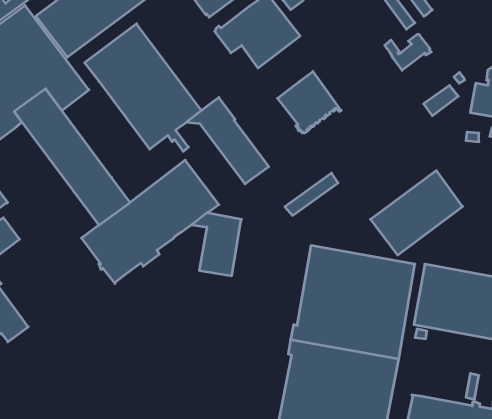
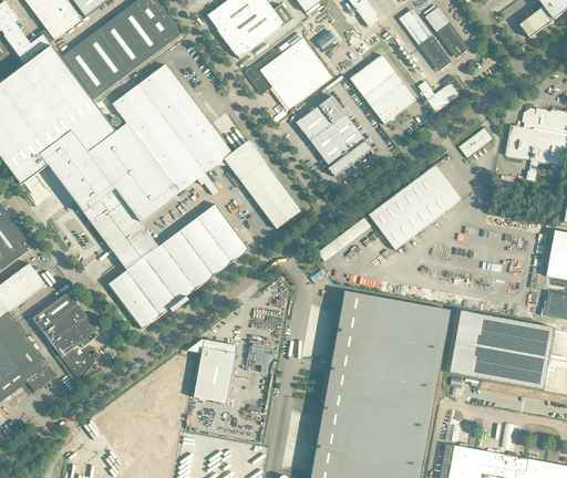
building: none -> [350,54,416,124]
building: none -> [296,95,346,141]
building: none -> [89,123,178,221]
building: [370,171,463,255] -> [368,164,462,250]
building: [192,213,242,276] -> [186,339,237,403]
building: none -> [33,291,103,380]

